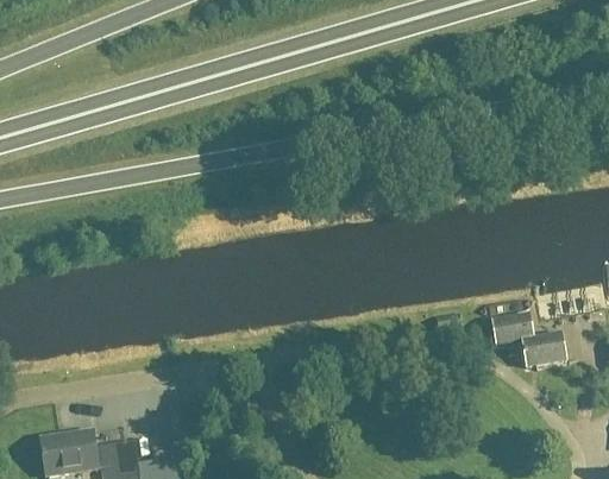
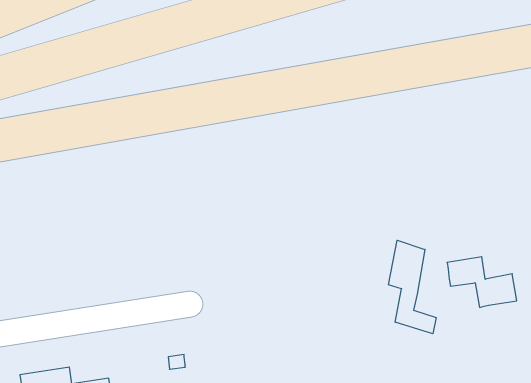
building: none -> [388,240,436,334]

